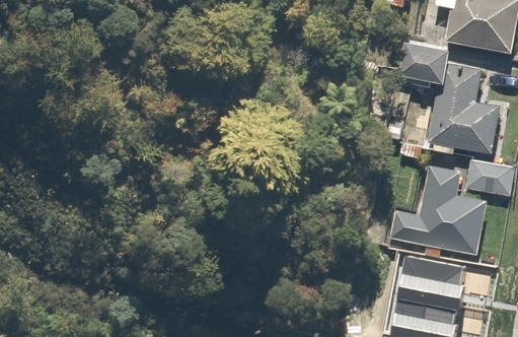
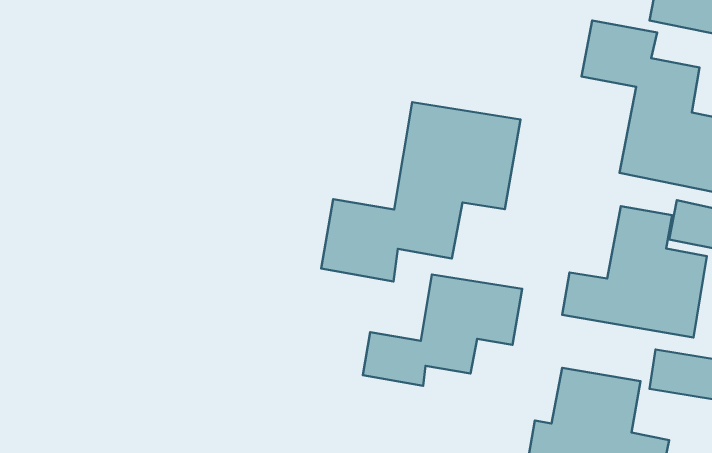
building: none -> [321,102,520,281]
building: none -> [363,274,522,386]

